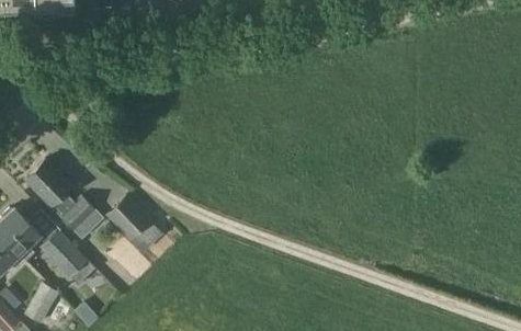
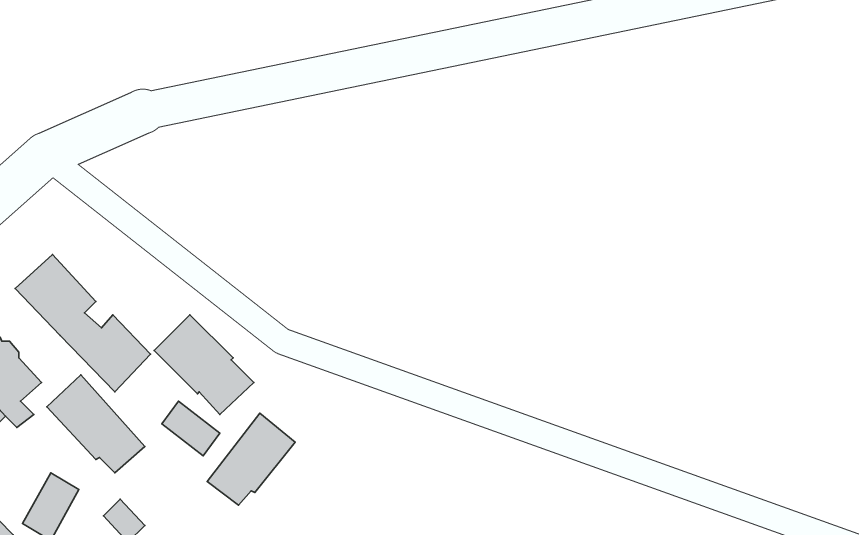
building: none -> [207,413,295,505]

